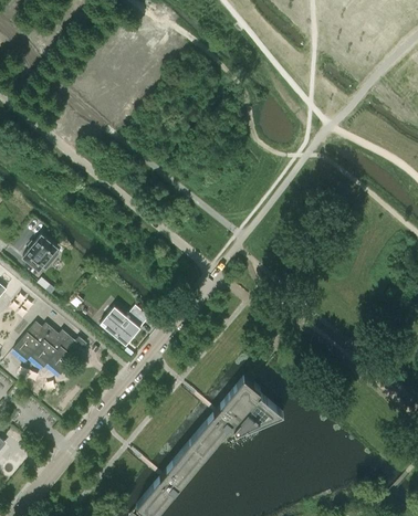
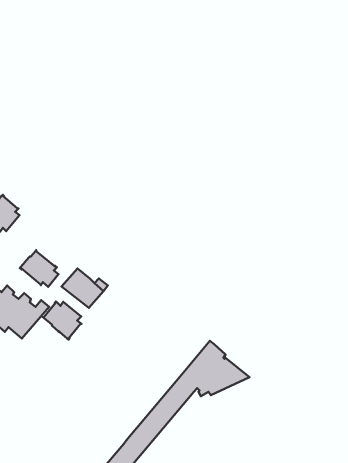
building: none -> [20,250,59,287]
building: none -> [43,301,82,340]

